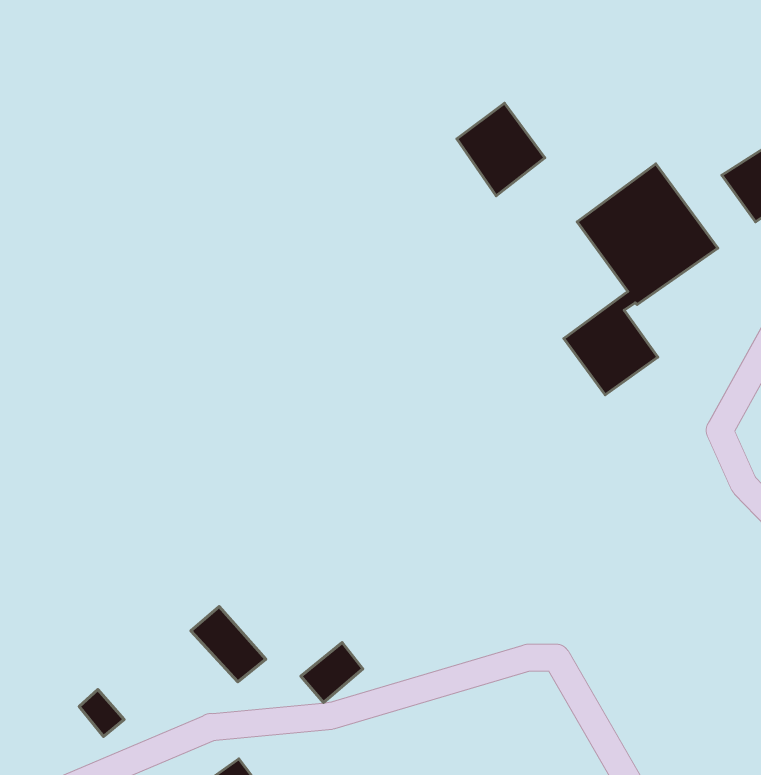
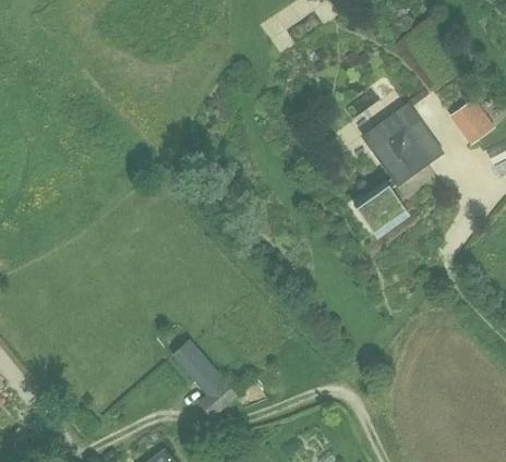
building: [457,103,545,196] -> none
building: [191,607,266,682] -> [173,341,217,385]

